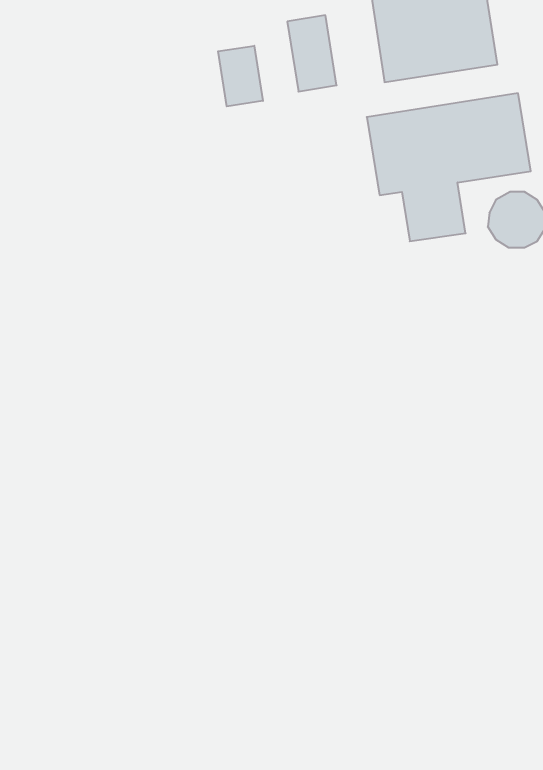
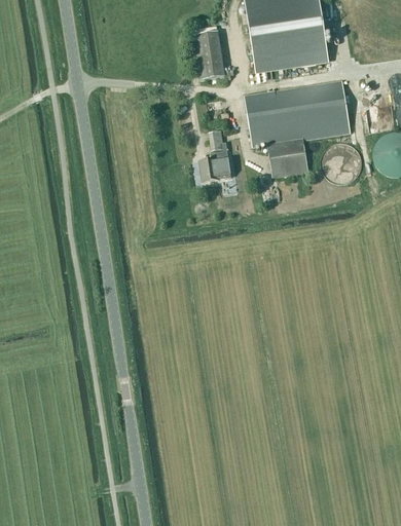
building: [218,46,263,106] -> none
building: none -> [199,130,231,182]

